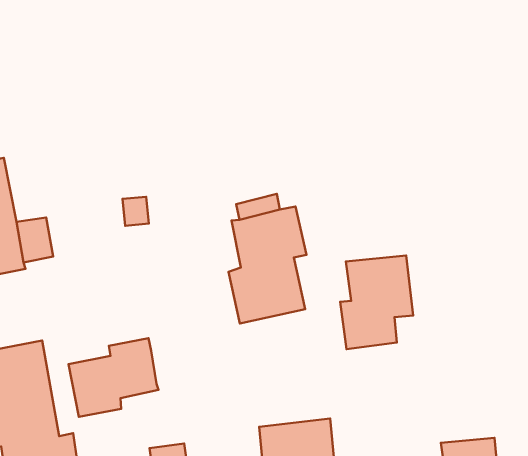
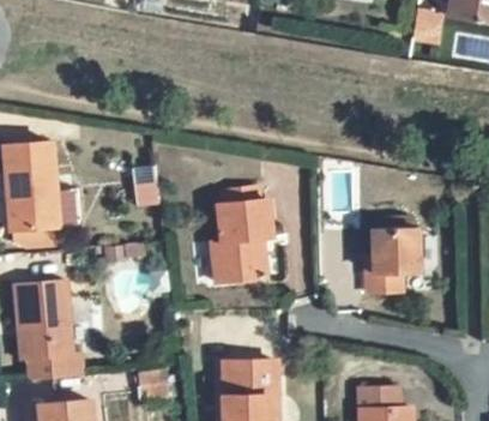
building: [340,256,413,349] -> [364,228,418,294]
building: [68,338,159,417] -> none

